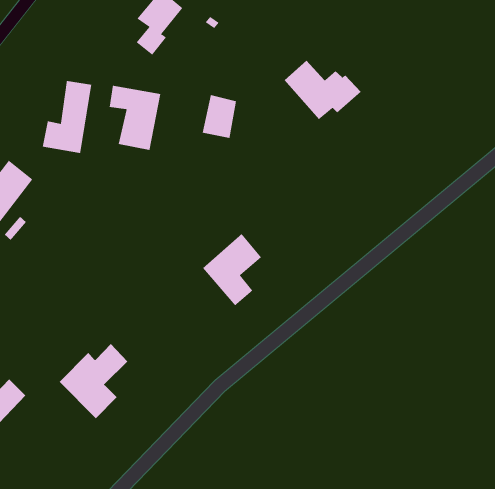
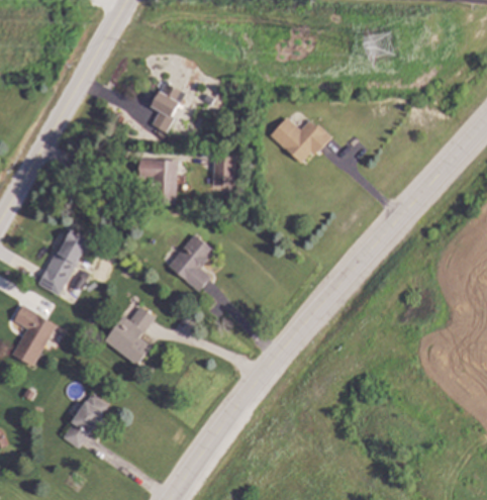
building: [42,80,92,154] -> none
building: [202,233,262,306] -> [169,234,213,291]
building: [59,343,128,419] -> [104,305,155,365]

